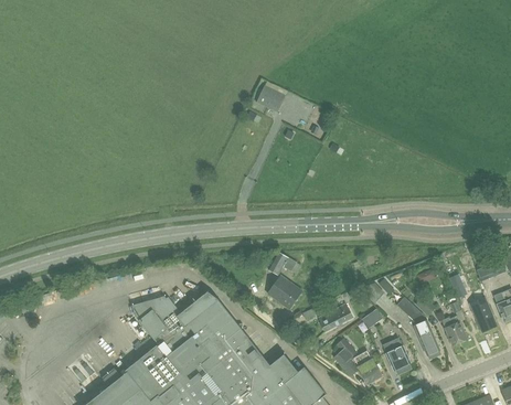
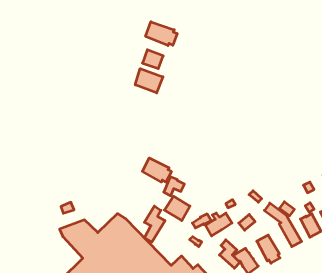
building: none -> [146,22,177,46]
building: none -> [135,69,163,93]
building: none -> [142,158,171,182]
building: none -> [144,206,165,242]

